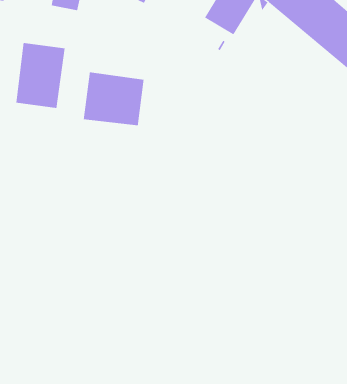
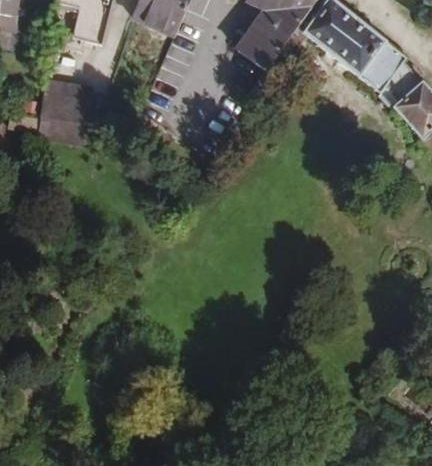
building: [83,72,144,126] -> none

